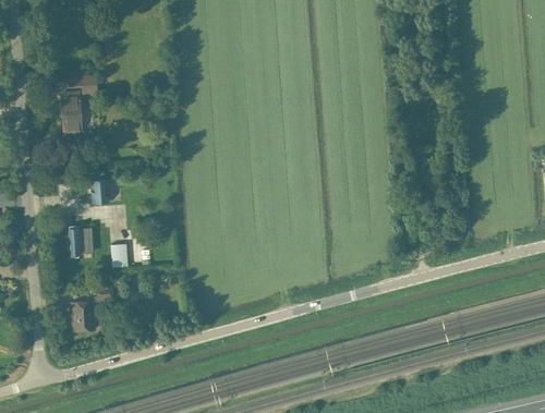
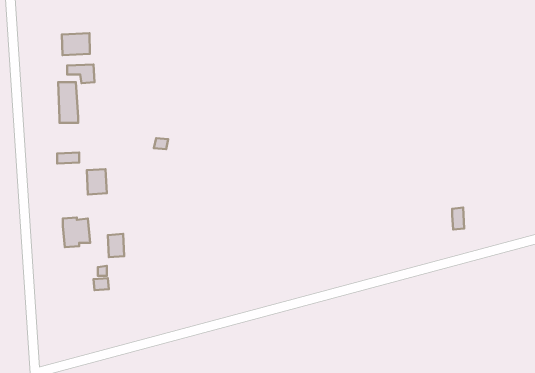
building: none -> [62,33,90,55]
building: [71,302,95,331] -> none

